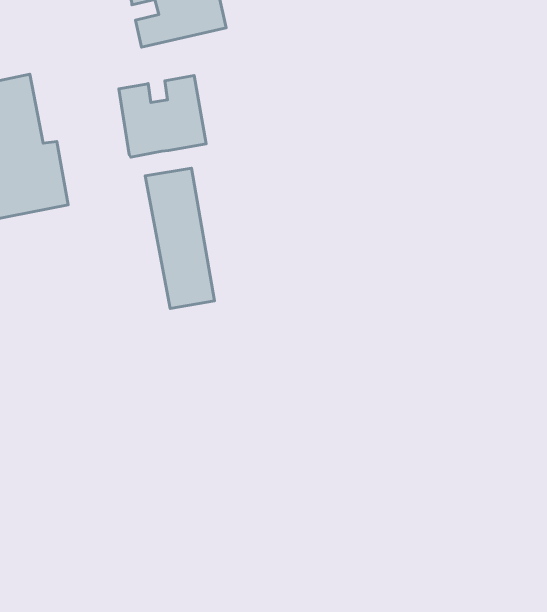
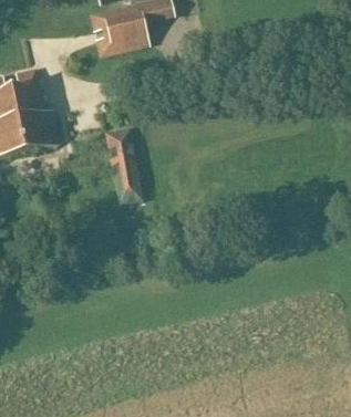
building: [119,75,206,157] -> none

